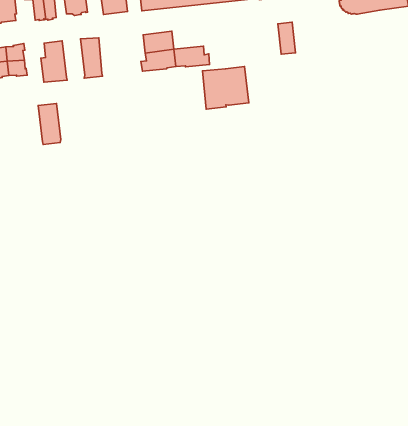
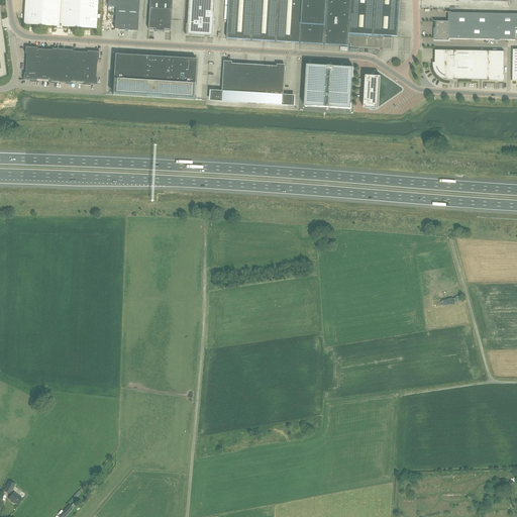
building: none -> [252,63,285,84]
building: none -> [174,57,196,98]
building: [202,67,249,109] -> [304,64,351,105]
building: [38,103,61,145] -> [136,54,158,96]

